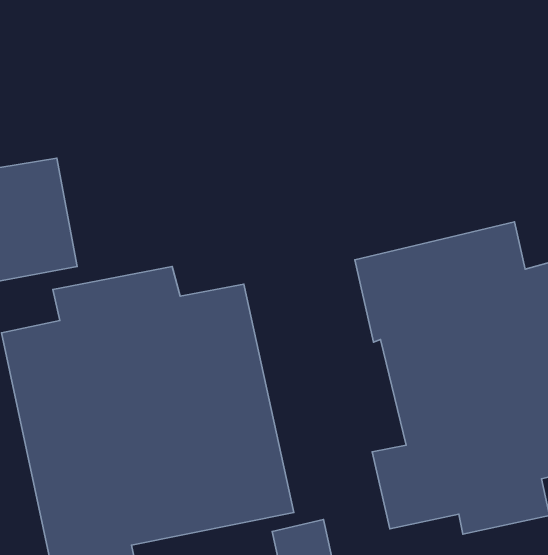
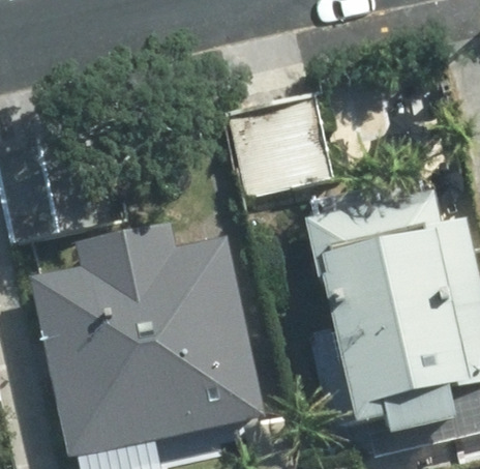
building: none -> [229,97,329,196]

